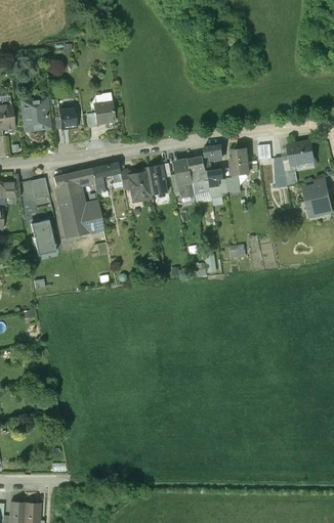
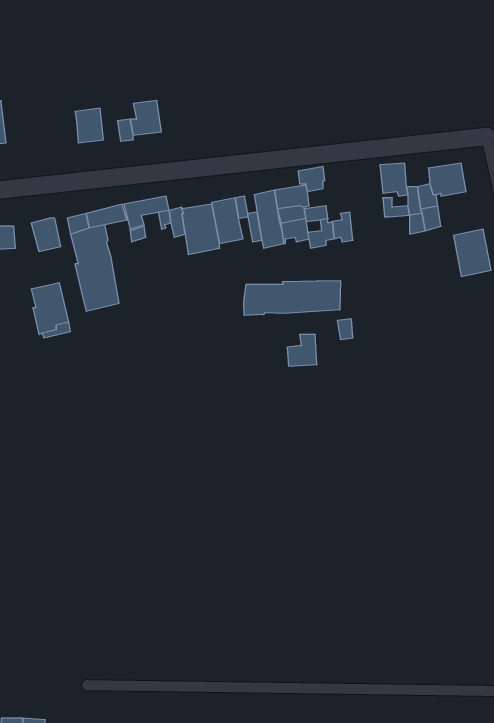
building: [23,99,48,130] -> none
building: [231,149,249,175] -> none
building: [82,201,103,233] -> none
building: none -> [244,281,340,315]

